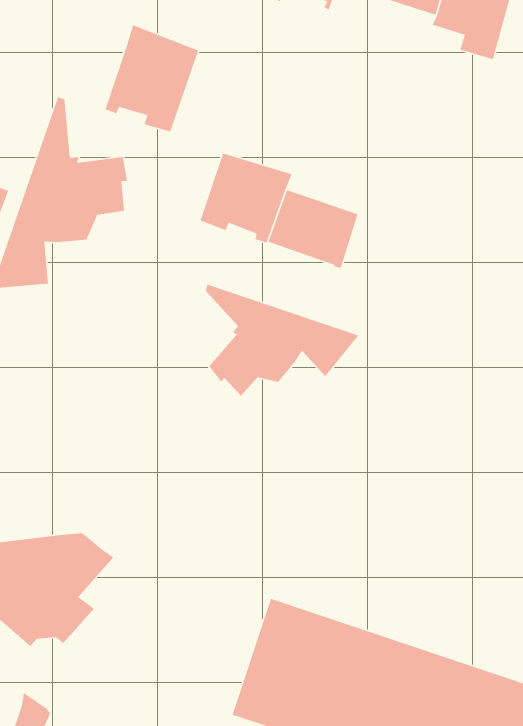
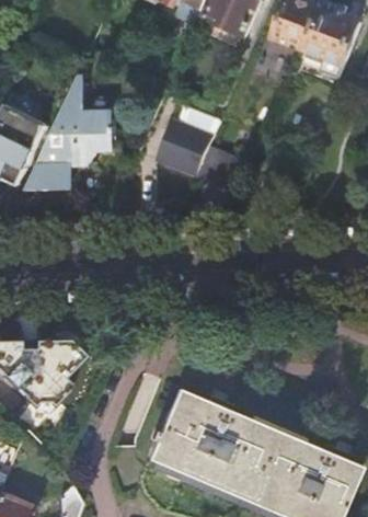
building: [104,24,199,133] -> none
building: [205,283,360,396] -> none

